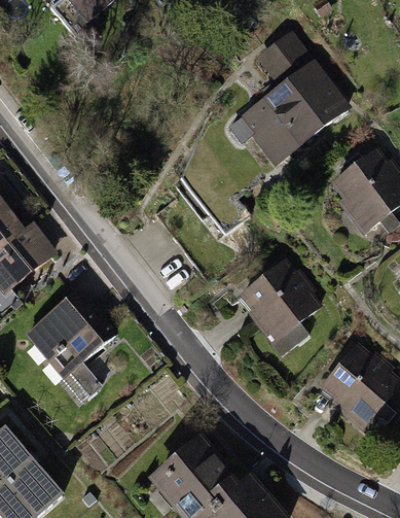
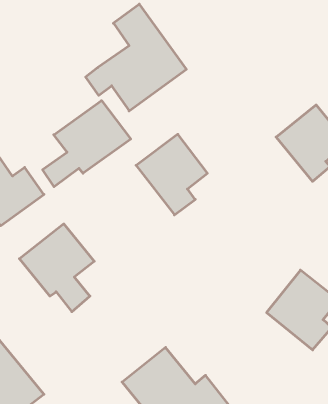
building: [225,35,344,162] -> [86,4,186,111]
building: none -> [43,101,131,187]
building: [238,258,322,354] -> [136,134,207,215]

